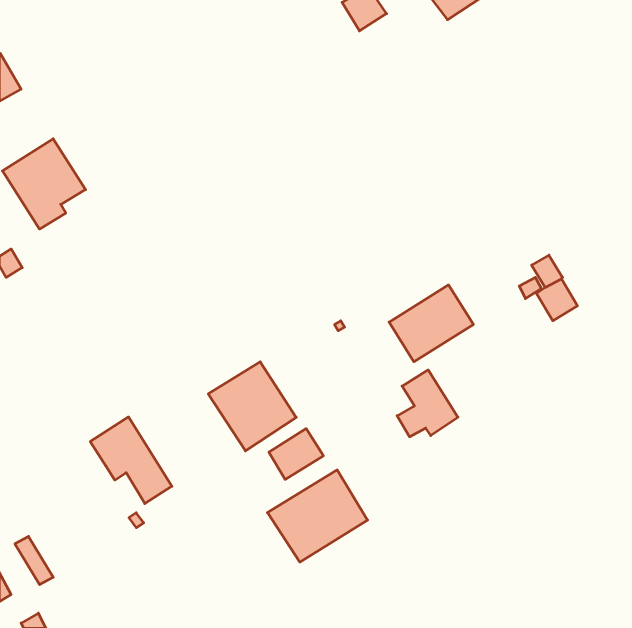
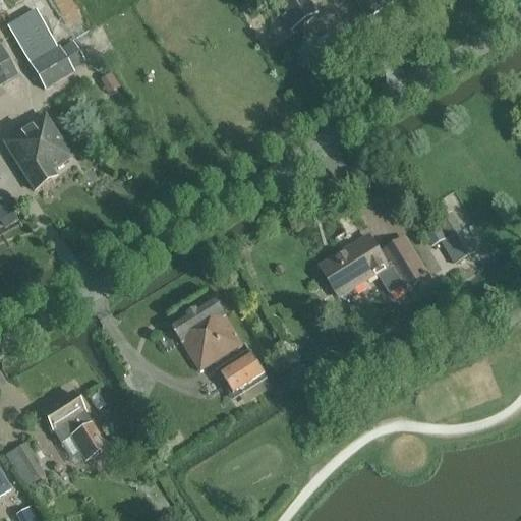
building: none -> [7,7,83,89]
building: [397,370,458,437] -> [379,237,428,292]
building: [90,417,172,504] -> [40,390,107,461]
building: [267,470,368,562] -> none

